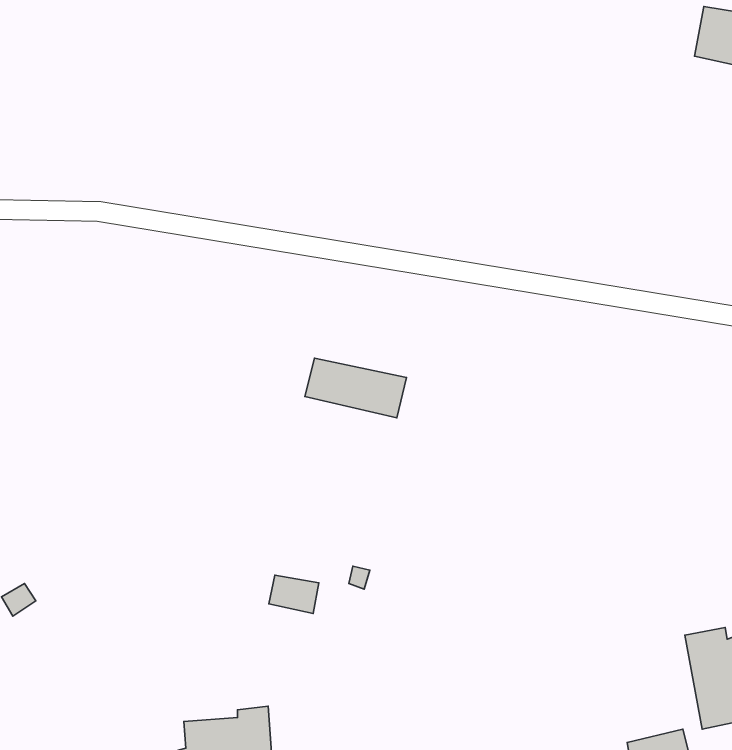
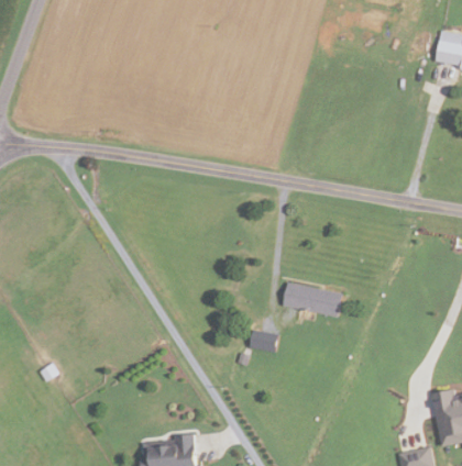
building: [305,358,407,418] -> [286,284,344,318]
building: [269,575,319,614] -> [250,329,278,351]

